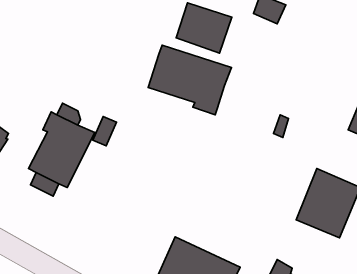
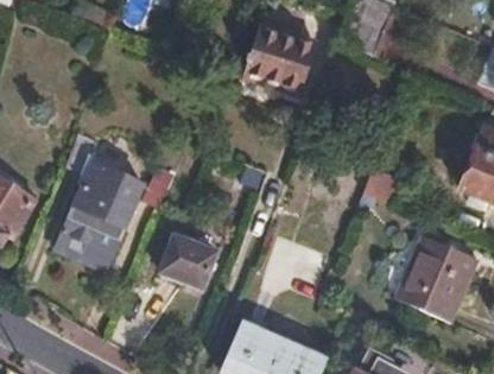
building: [148,45,231,115] -> none
building: none -> [169,234,224,286]

